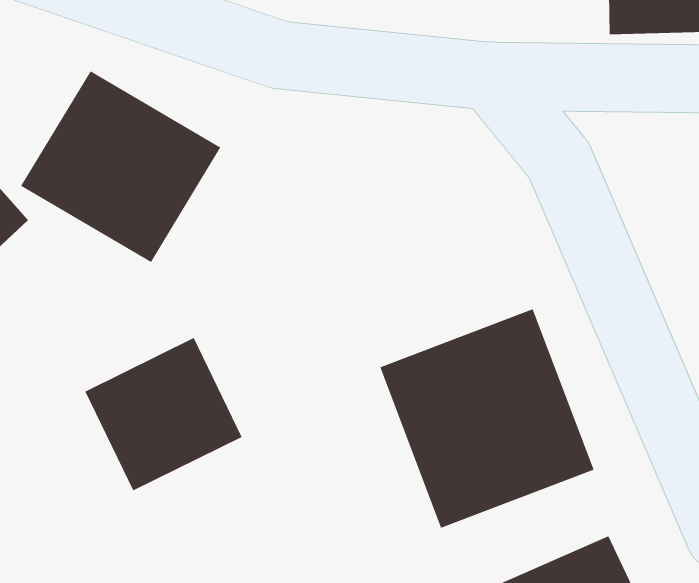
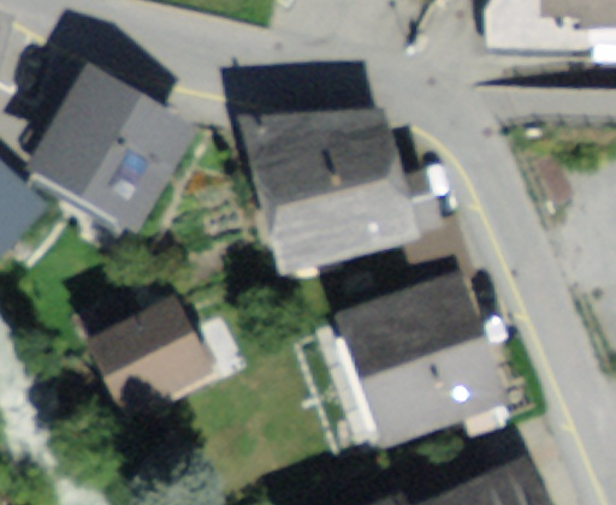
building: none -> [238,120,416,279]

